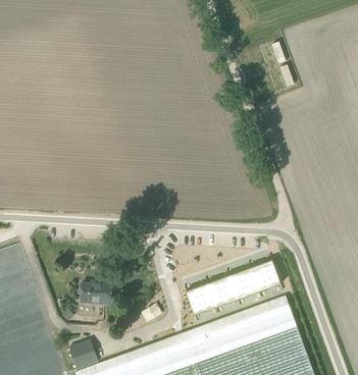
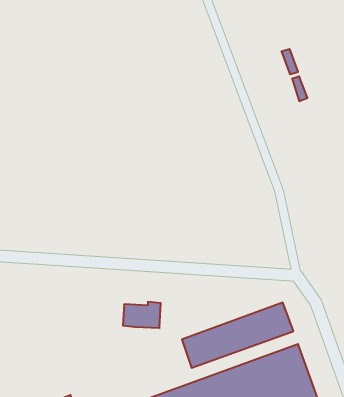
building: [81,284,113,307] -> [123,302,161,328]

